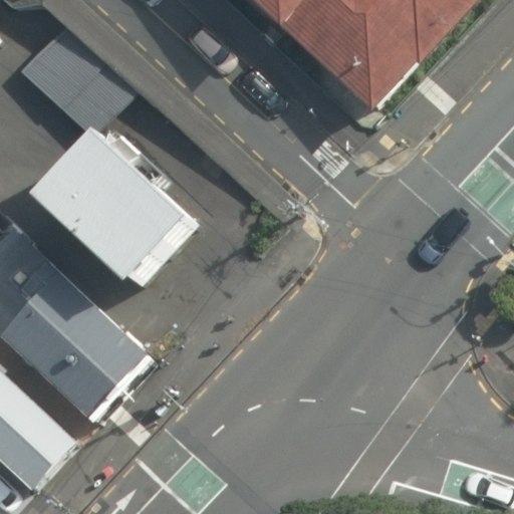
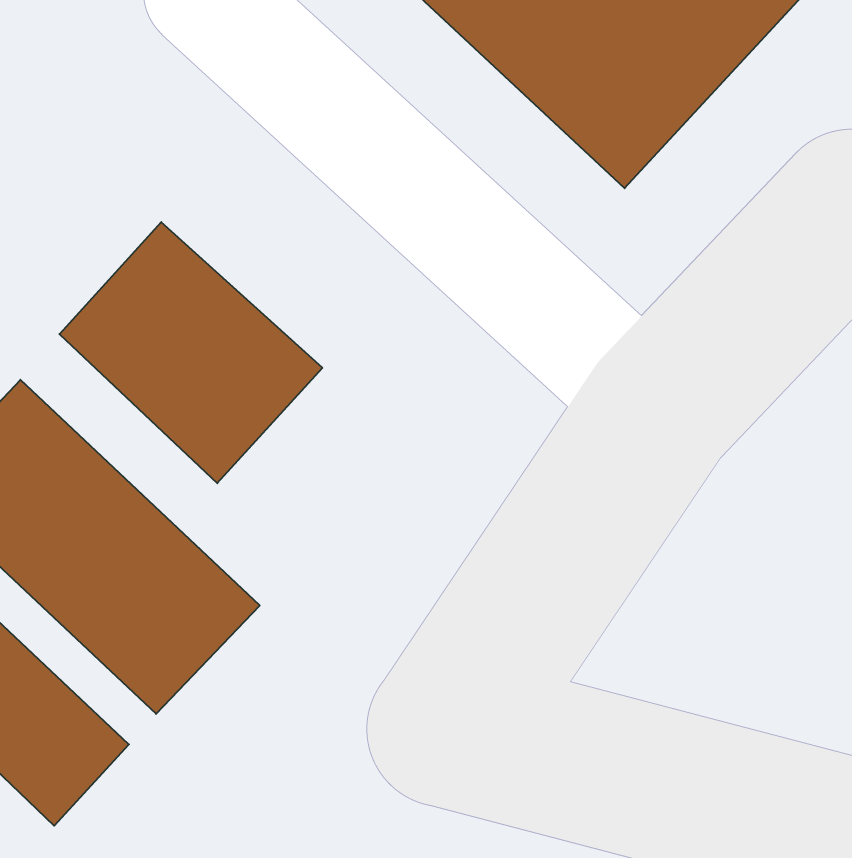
building: [16,26,126,135] -> none

